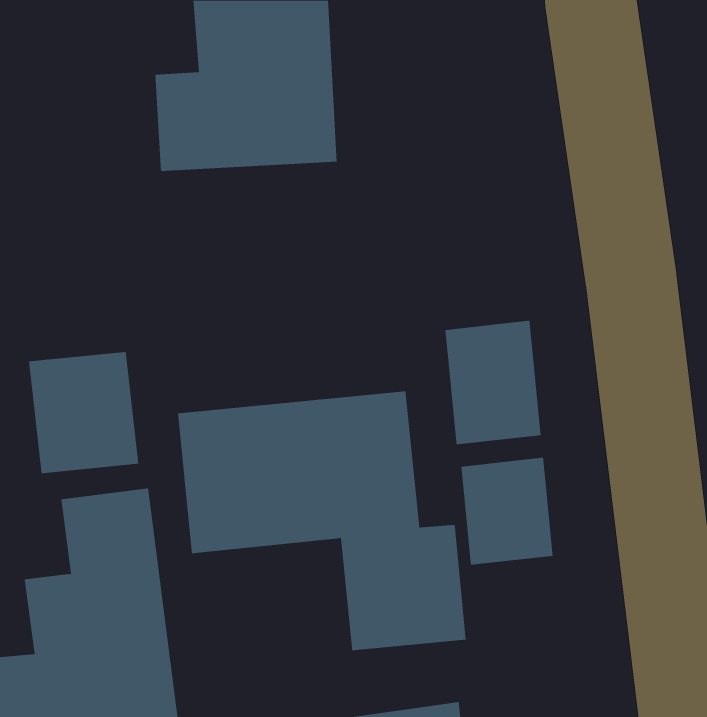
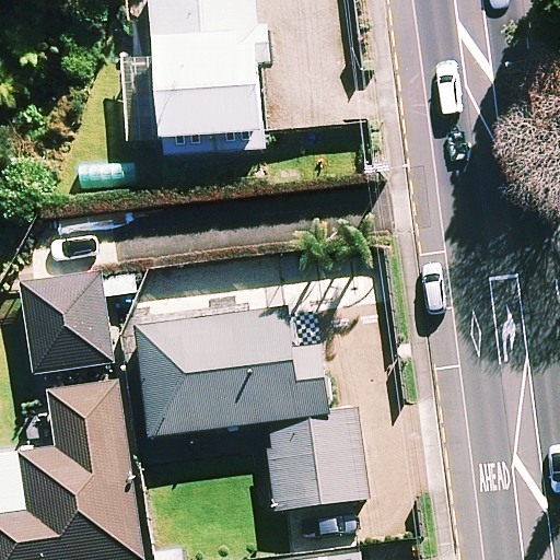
building: [445,320,541,445] -> none
building: [461,457,553,566] -> none

